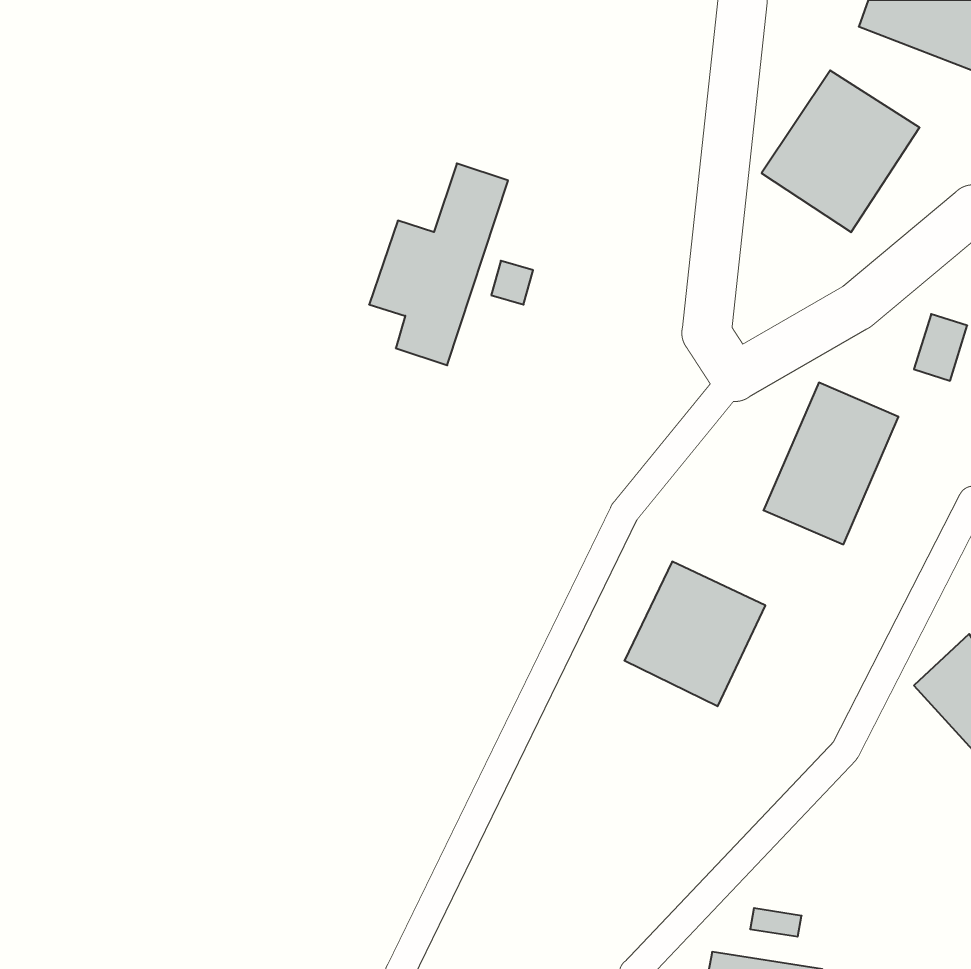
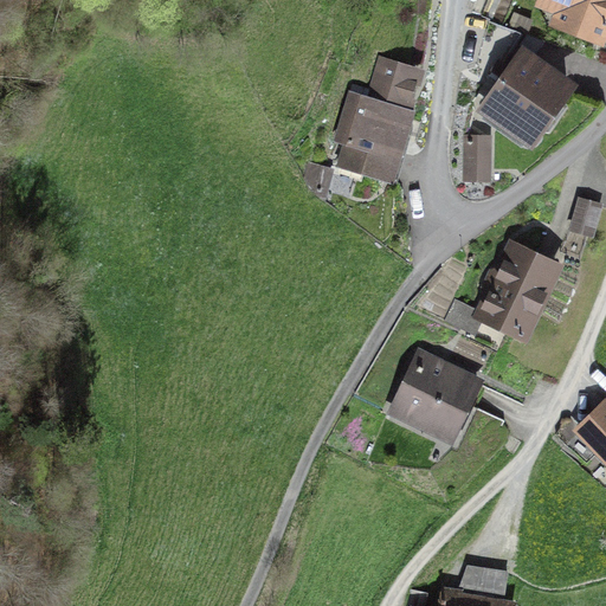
building: [369,163,508,365] -> [341,54,427,180]
building: none -> [465,140,494,185]

